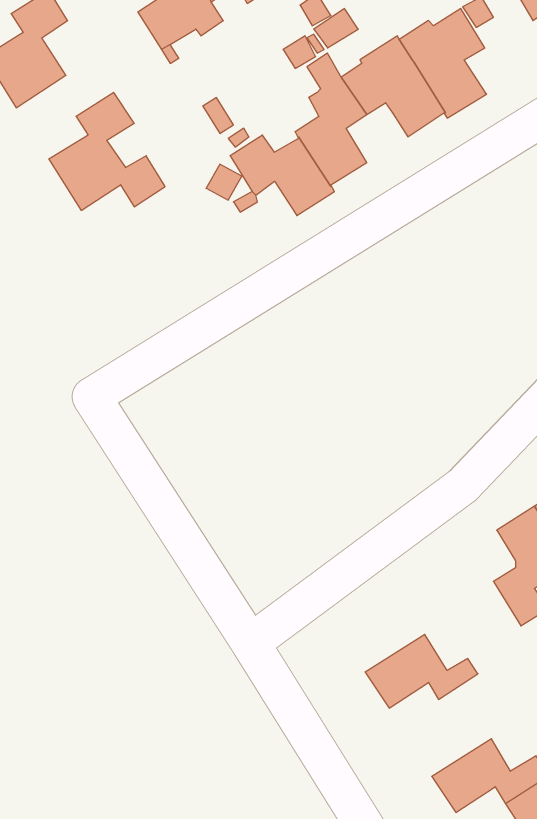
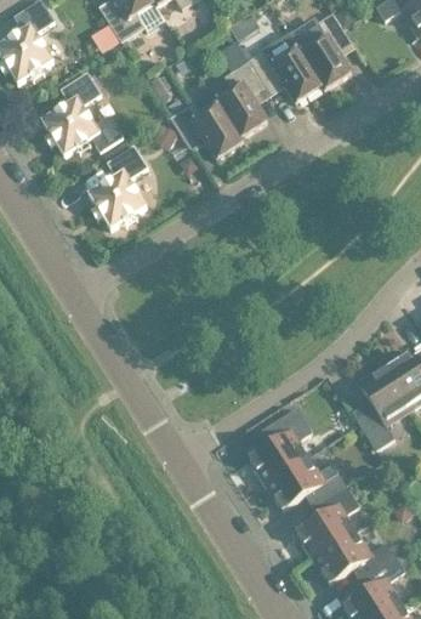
building: none -> [87,146,147,228]
building: none -> [249,408,312,483]
building: none -> [296,484,358,557]

